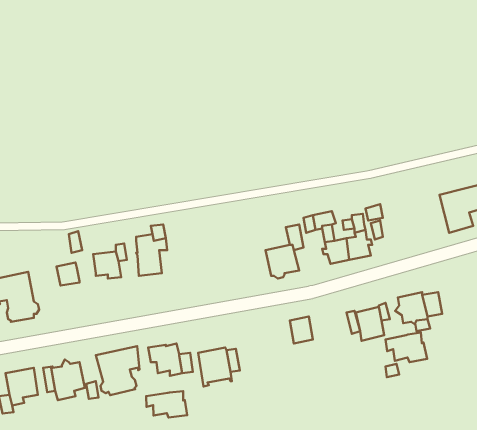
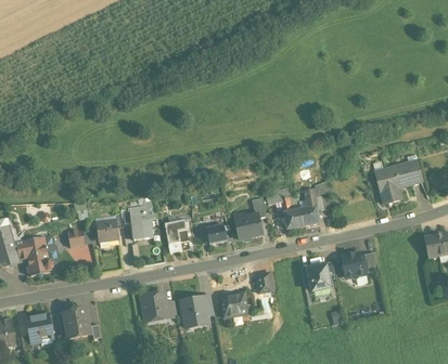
building: none -> [164,219,190,251]
building: none -> [200,220,227,244]
building: [386,333,427,362] -> none
building: none -> [220,291,248,316]
building: [96,346,140,395] -> none
building: [146,391,187,418] -> none

